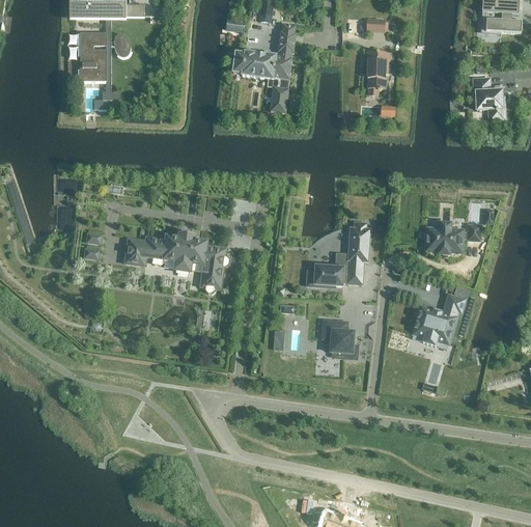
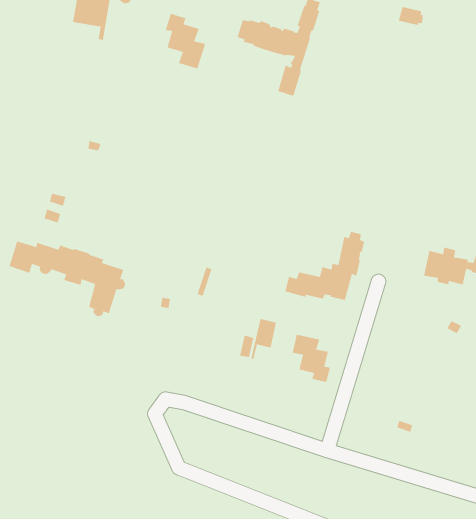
building: [365,50,389,88] -> none
building: none -> [165,13,206,70]
building: [124,234,230,293] -> [9,241,126,317]
building: [413,295,464,344] -> none

